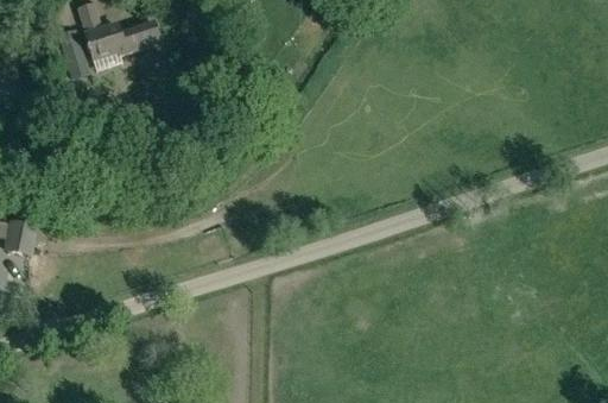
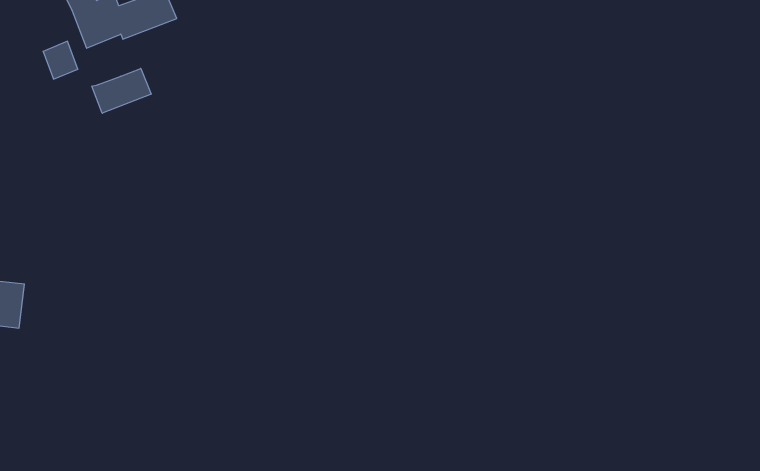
building: none -> [92,68,151,113]

